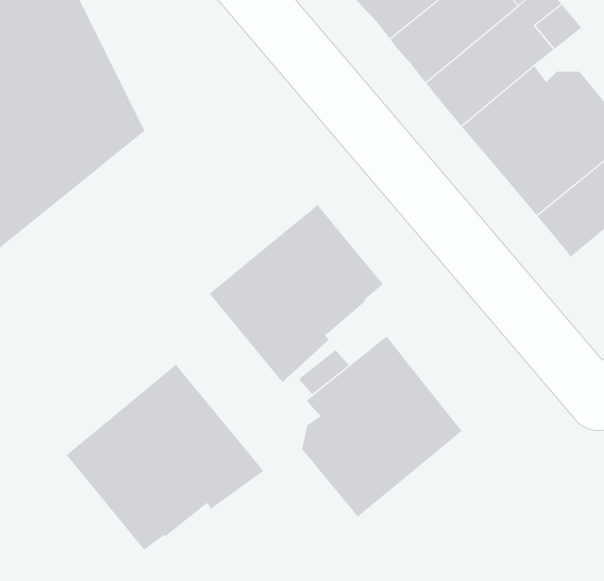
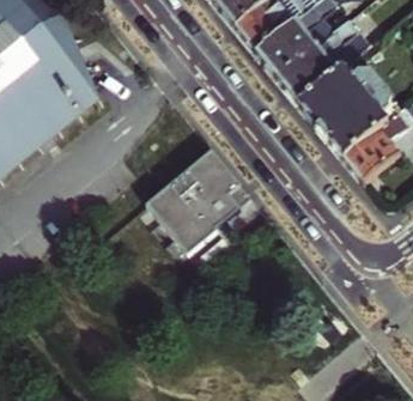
building: [302,336,462,517] -> none
building: [66,364,264,551] -> none

